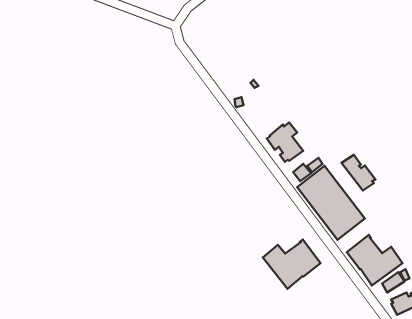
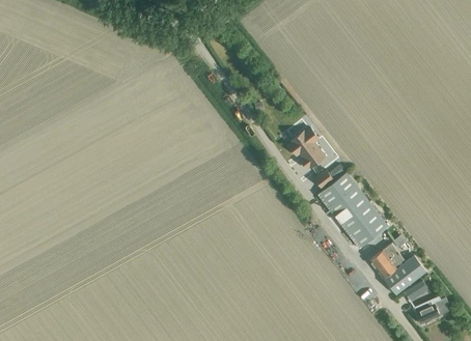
building: [341,155,376,191] -> none
building: [263,240,321,289] -> none

